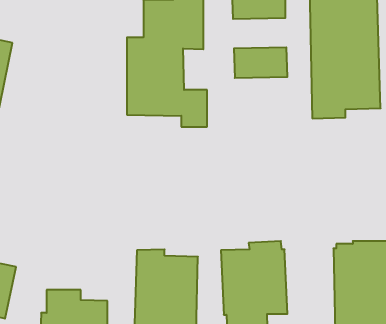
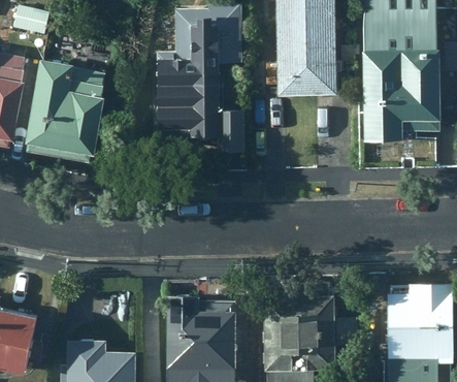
building: none -> [275,32,335,66]
building: none -> [25,62,108,165]

